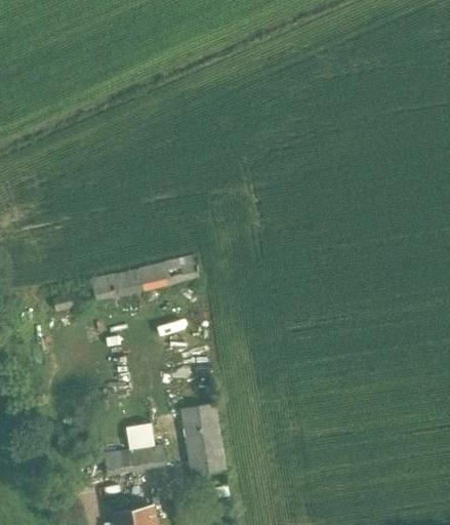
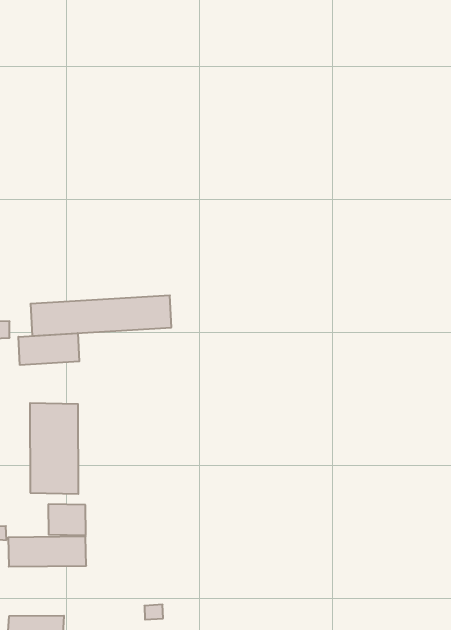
building: none -> [18,333,79,365]
building: [178,403,226,475] -> [30,403,78,494]

